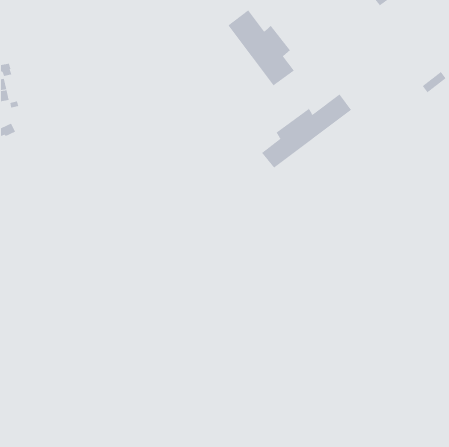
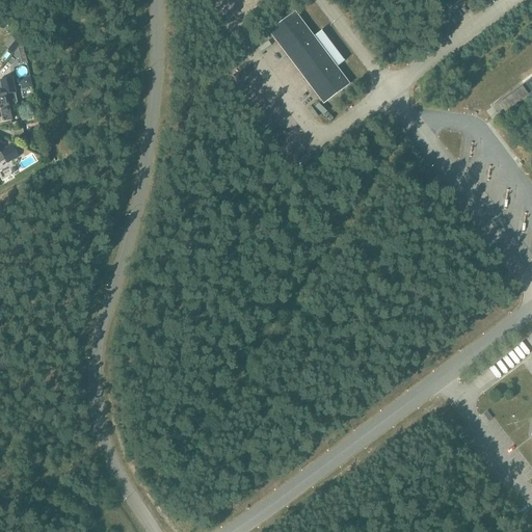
building: [261,94,352,169] -> none

